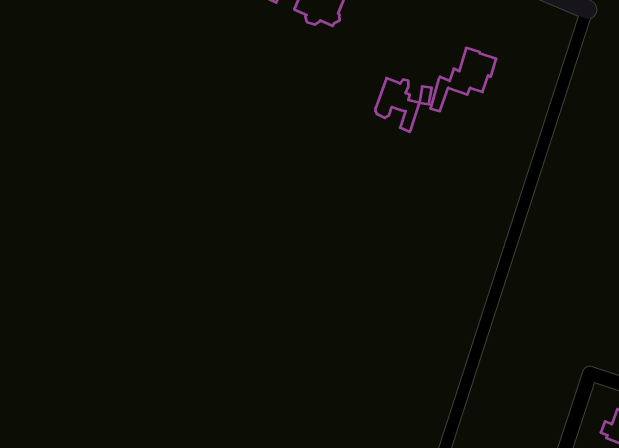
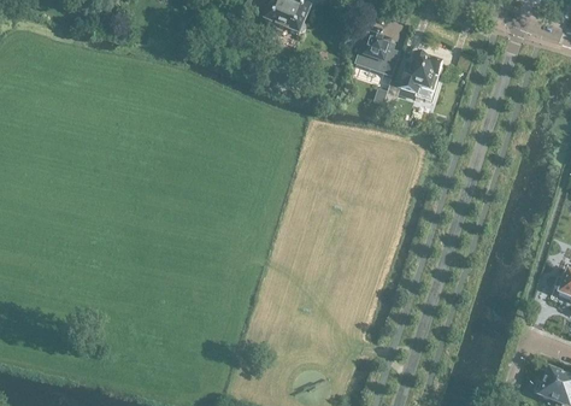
building: [375,78,419,132] -> [361,33,400,80]

